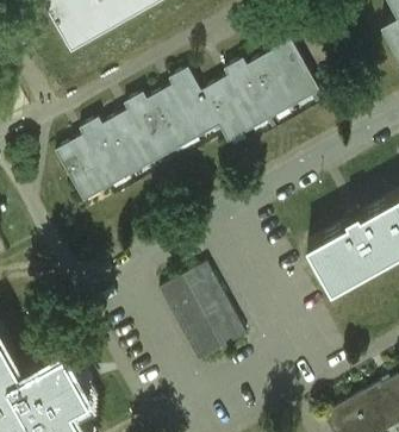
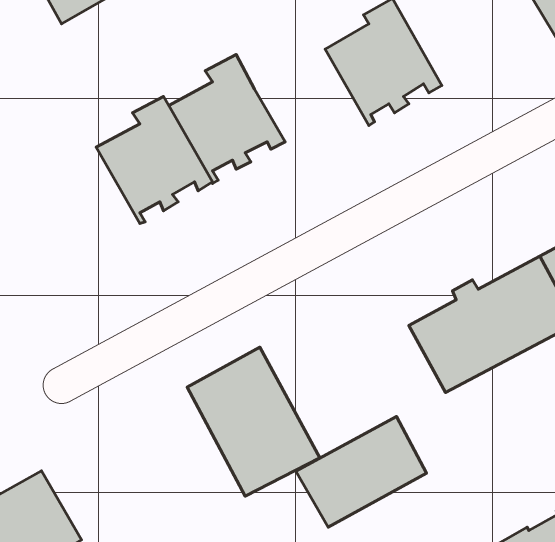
building: [200,63,275,145] -> none
building: [49,126,125,211] -> none
building: none -> [296,417,427,527]

